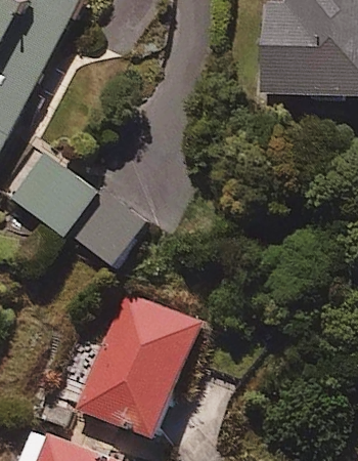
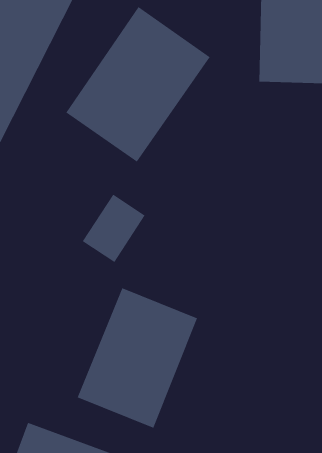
building: none -> [65,6,211,163]
building: [11,149,99,235] -> none

